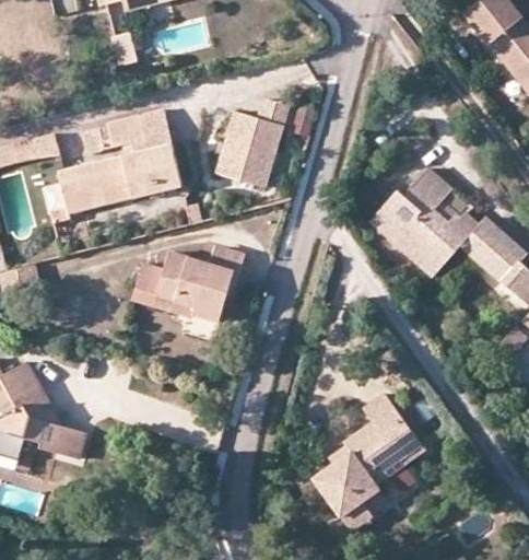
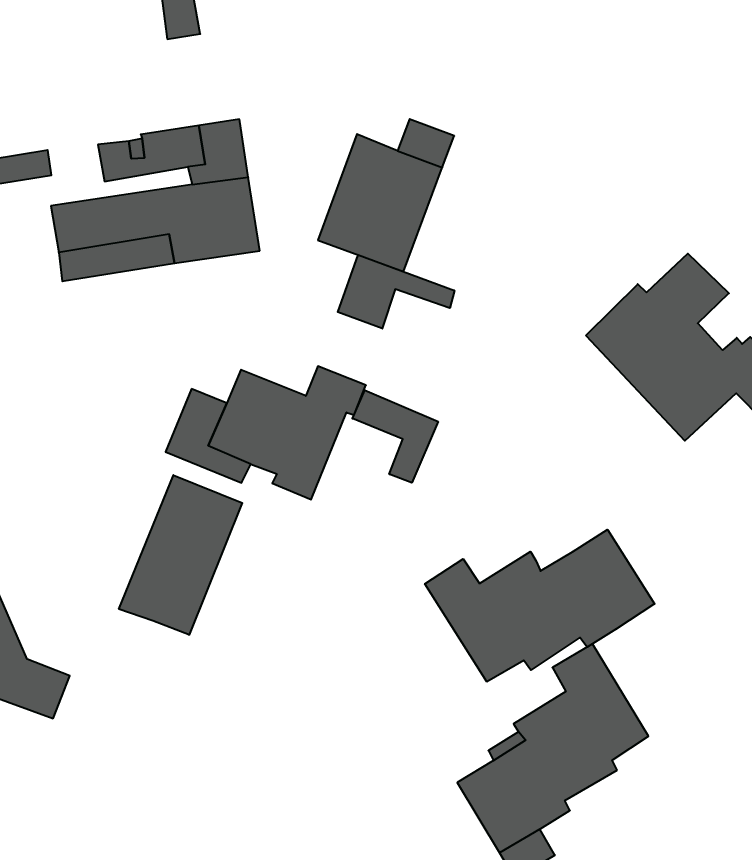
building: none -> [338,255,454,329]
building: none -> [352,390,438,483]
building: none -> [119,475,242,635]
building: none -> [425,530,655,682]

